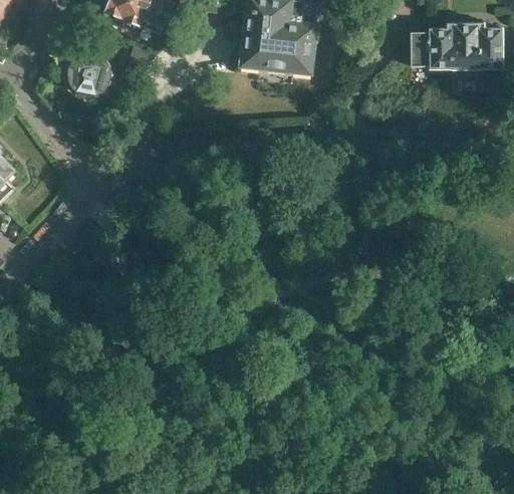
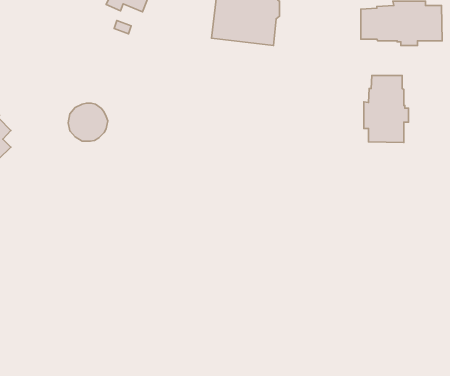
building: [67,52,112,95] -> [68,103,108,141]
building: none -> [364,76,408,142]

